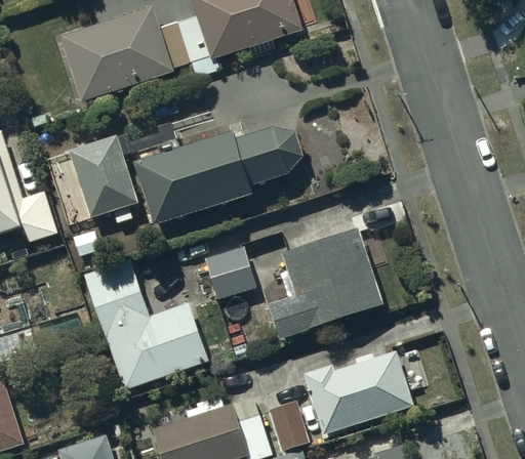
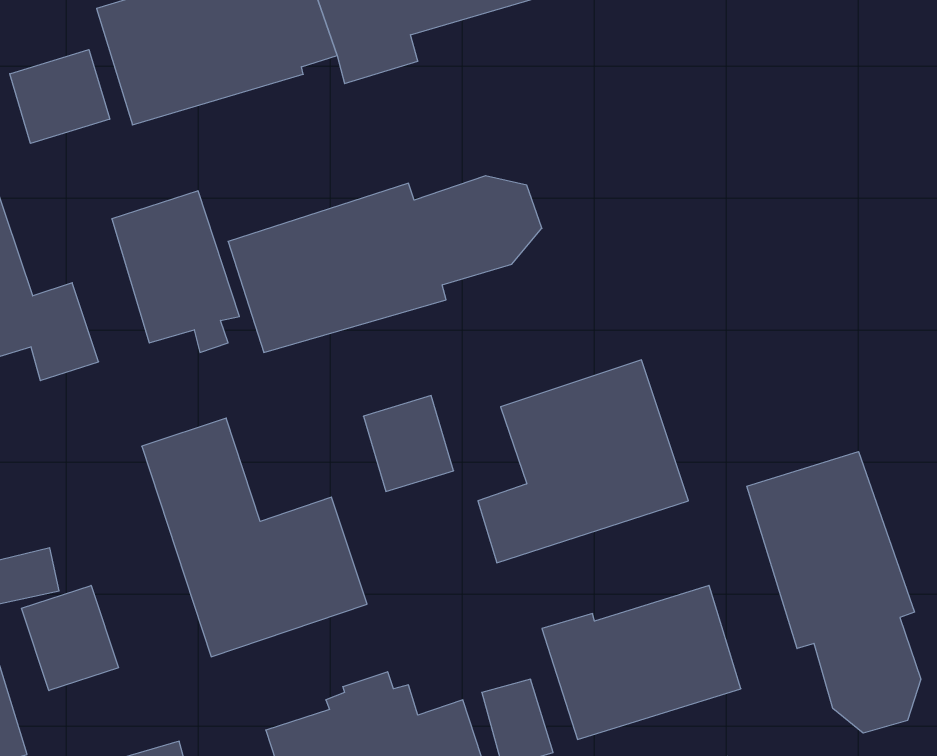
building: none -> [10,50,110,143]
building: none -> [747,452,921,733]
building: none -> [21,585,119,691]

